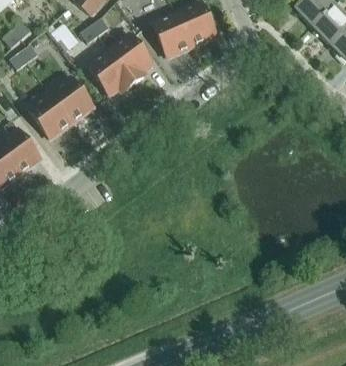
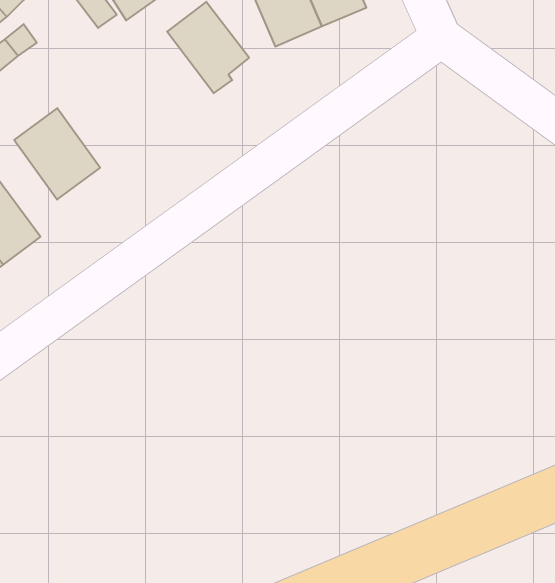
building: [87,49,134,95] -> none
building: [50,76,93,122] -> none

